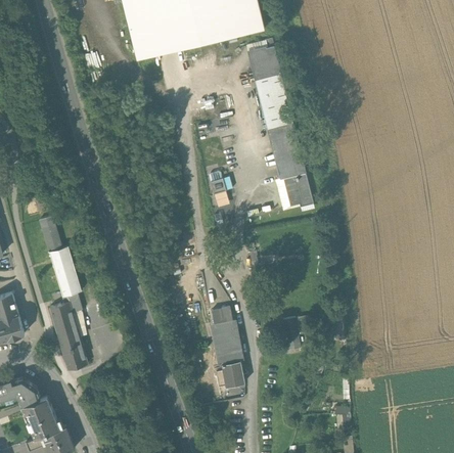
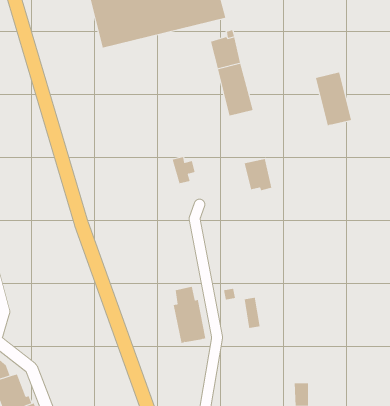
building: [268,124,306,180] -> [315,72,352,126]
building: [41,217,88,371] -> none
building: [222,362,245,388] -> none

